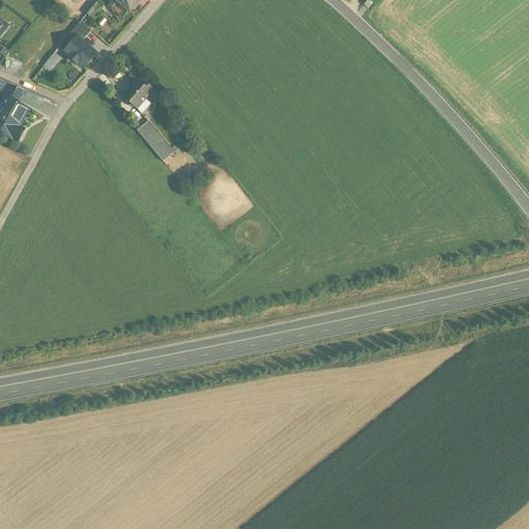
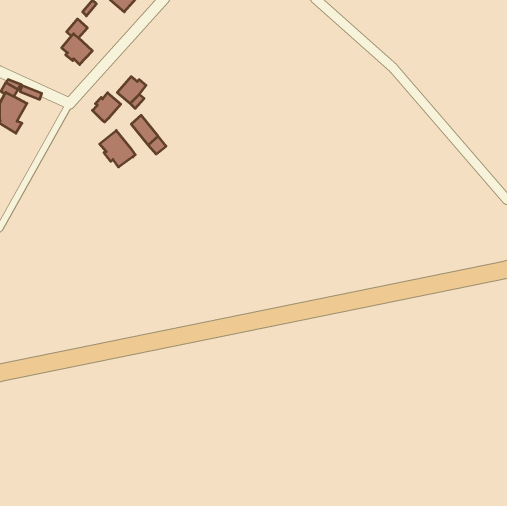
building: none -> [92,93,121,122]
building: none -> [100,130,135,167]

